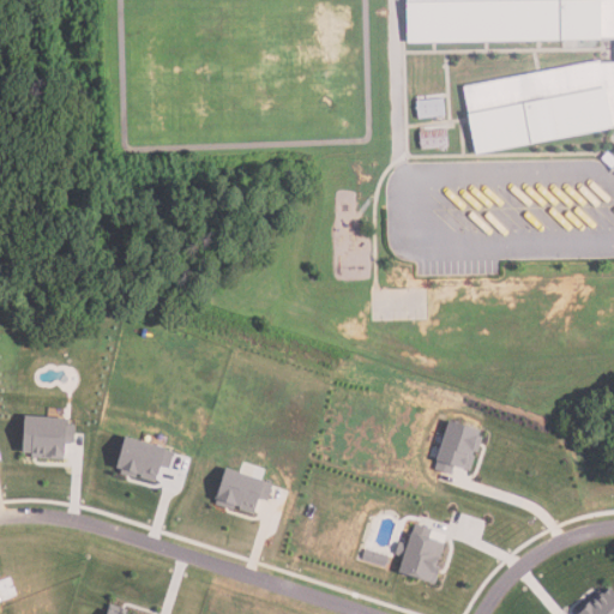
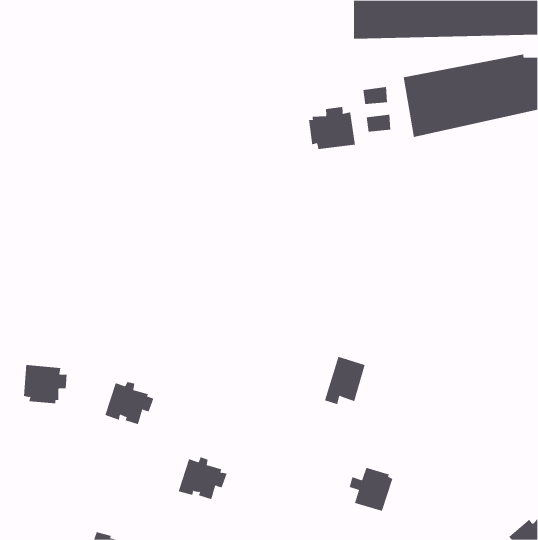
building: none -> [308,106,355,150]
building: [434,419,481,474] -> [324,356,365,405]
building: [217,464,273,513] -> [178,456,228,500]

